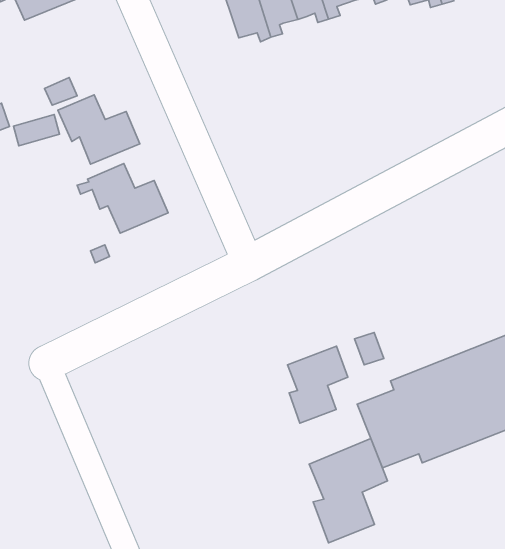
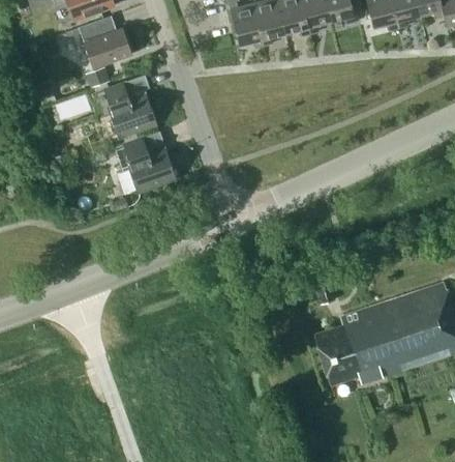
building: none -> [78,13,131,65]
building: [287,346,348,423] -> none
building: [309,439,388,543] -> none

